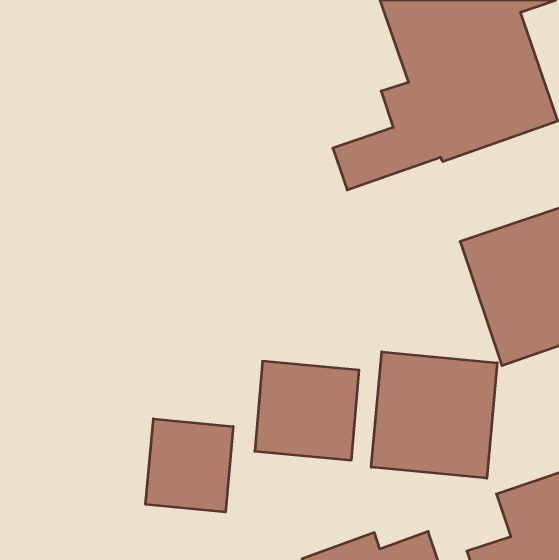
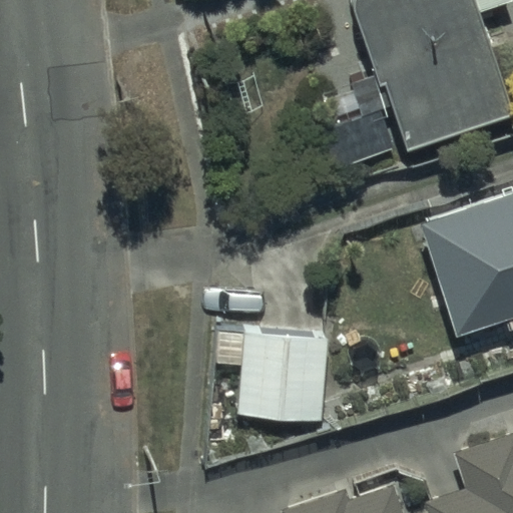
building: [371,352,497,478] -> none
building: [146,419,233,512] -> none

